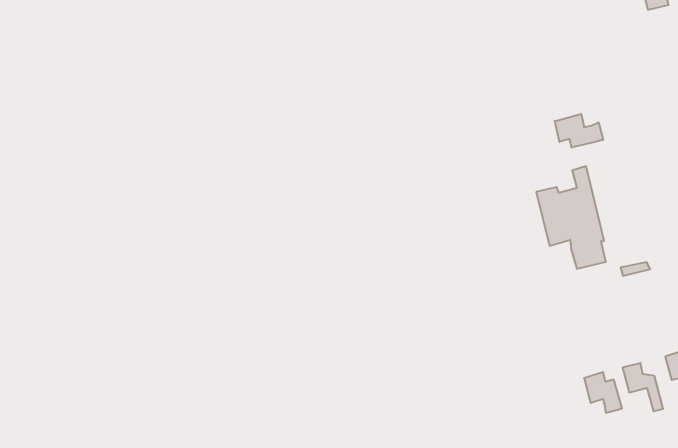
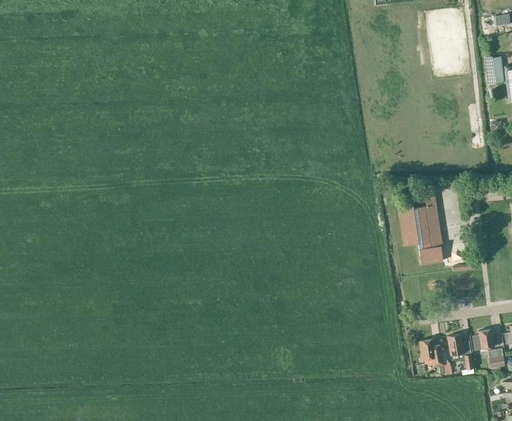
building: [555,114,603,148] -> none

